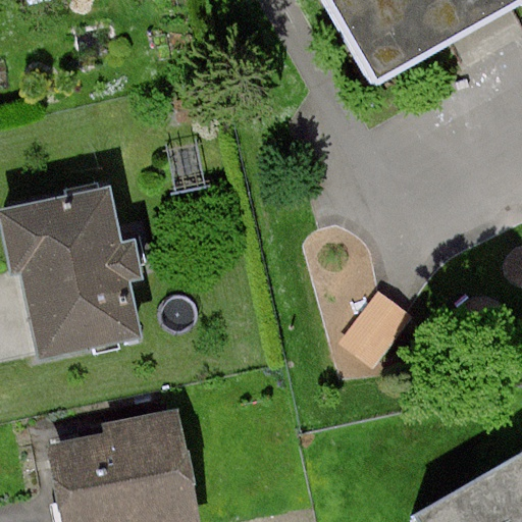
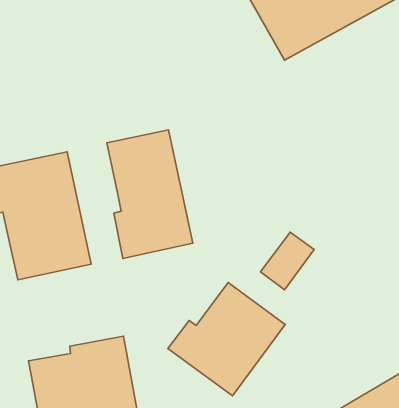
building: none -> [107,130,193,258]
building: none -> [168,282,285,396]

